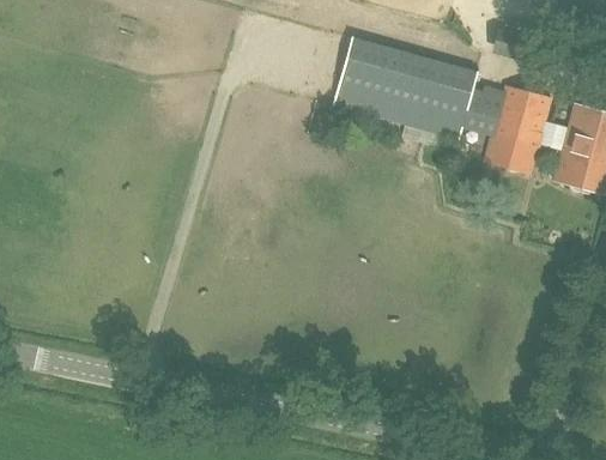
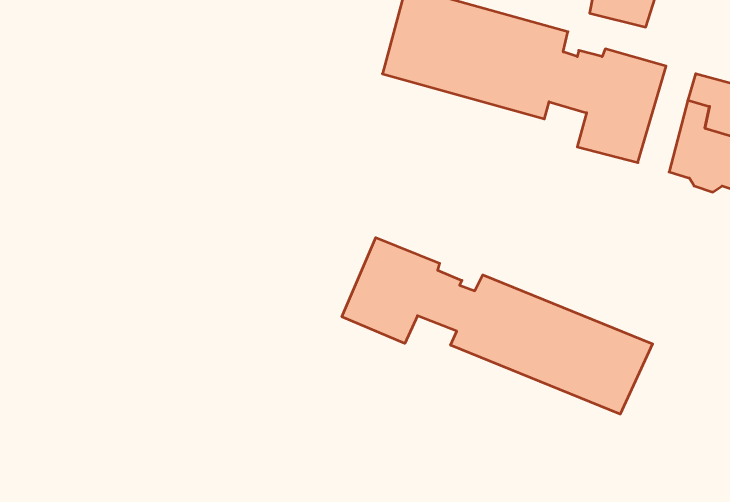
building: none -> [342,238,653,414]

